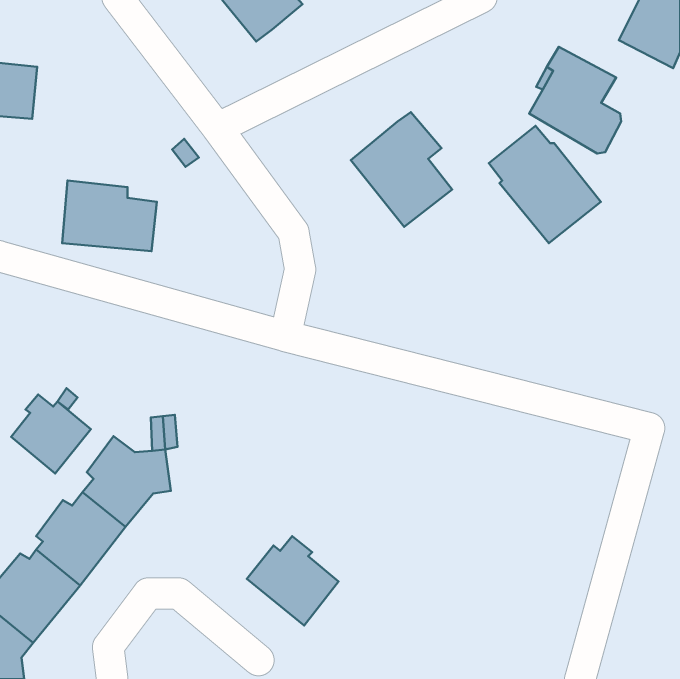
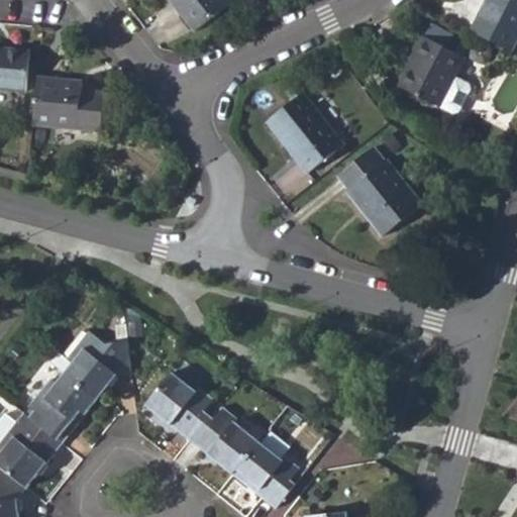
building: [489,126,601,243] -> [336,146,421,235]
building: [62,181,157,251] -> [31,77,103,130]
building: [11,394,91,473] -> none
building: none -> [144,372,212,438]
building: none -> [230,440,299,507]

